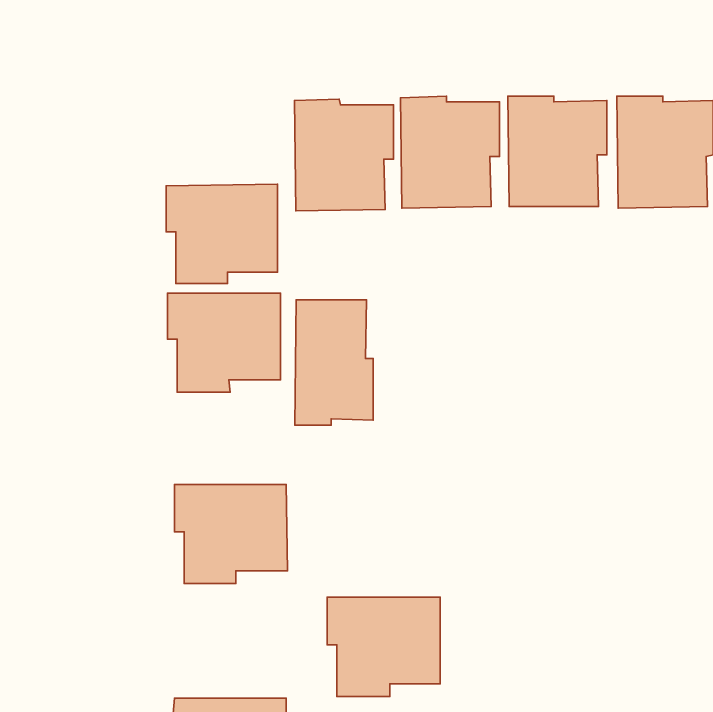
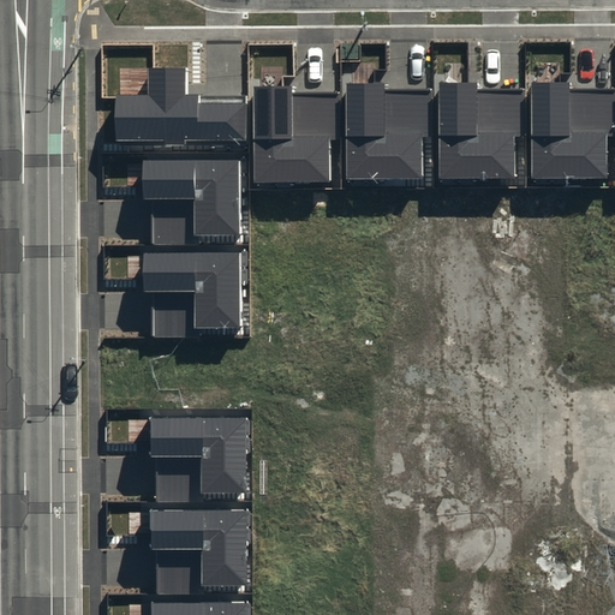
building: none -> [117,71,246,148]
building: [295,300,373,425] -> none
building: [327,597,440,696] -> [150,510,247,596]

